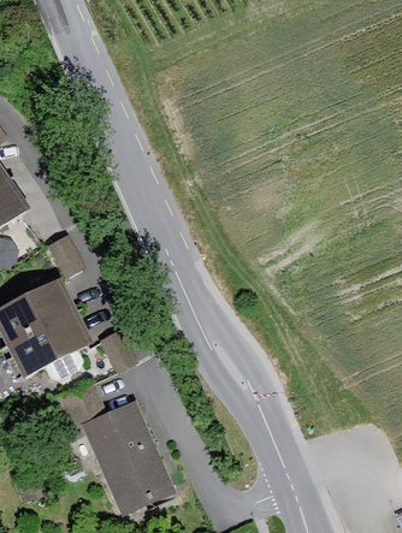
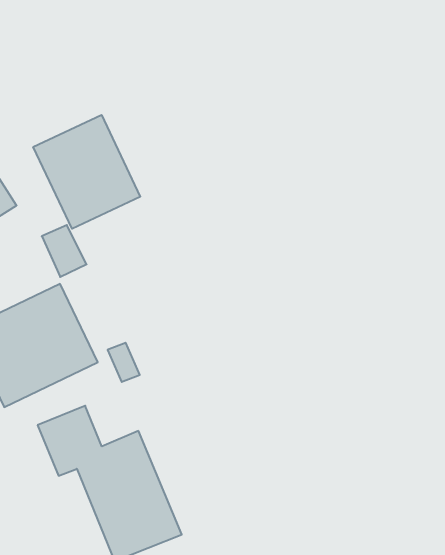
building: none -> [33,115,140,229]

